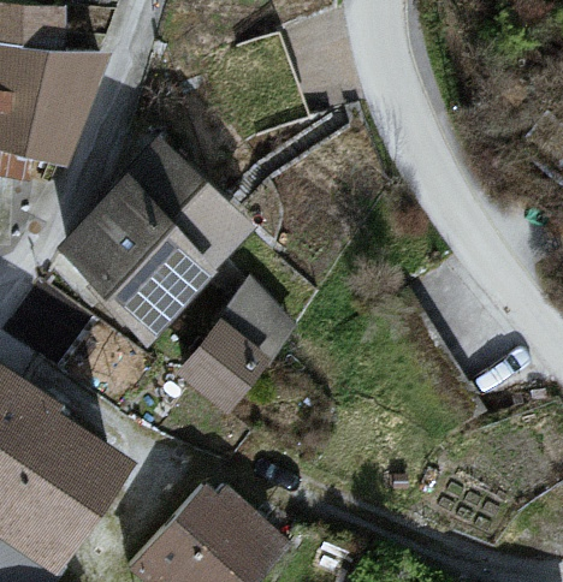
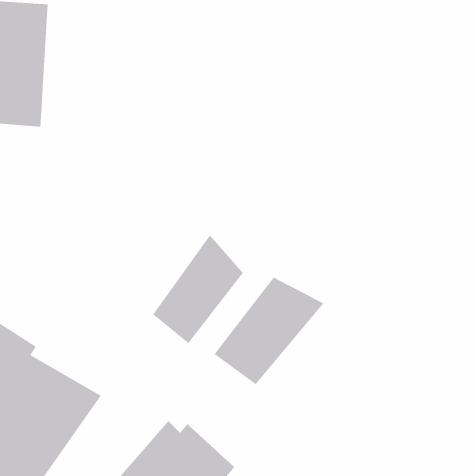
building: [63,149,248,337] -> none
building: none -> [213,277,325,385]

